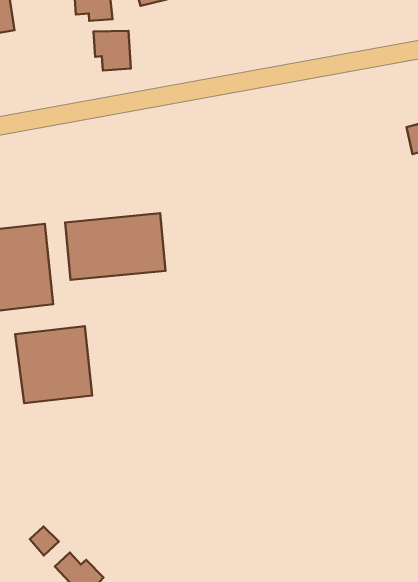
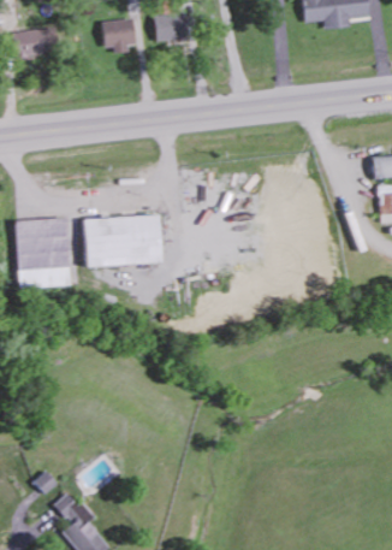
building: [94,31,131,70] -> none
building: [15,326,92,403] -> none

